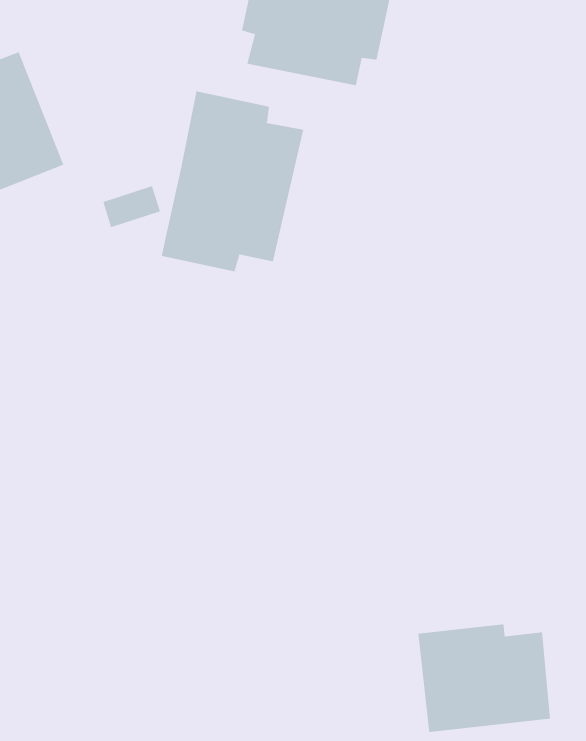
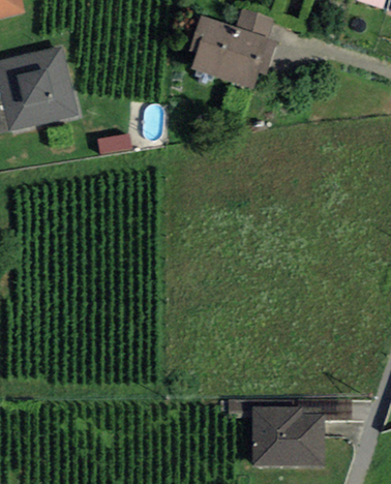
building: [161,90,304,272] -> none

